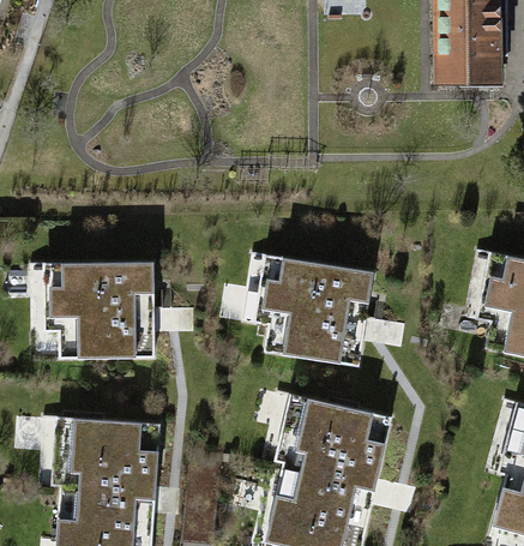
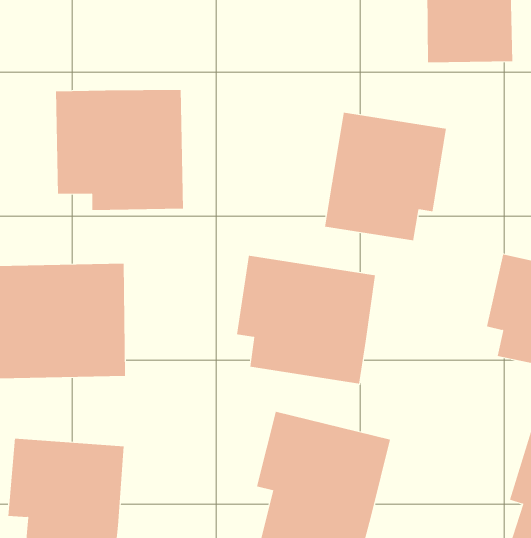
building: none -> [55,89,184,211]
building: none -> [325,112,447,241]

